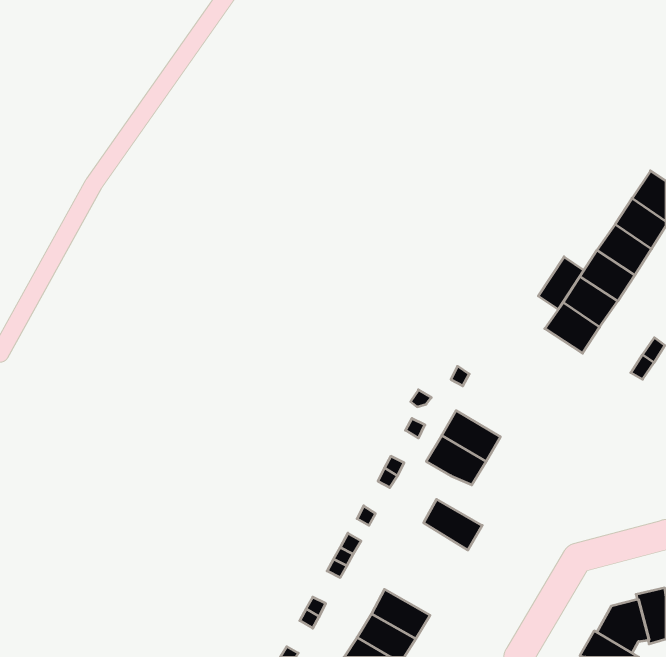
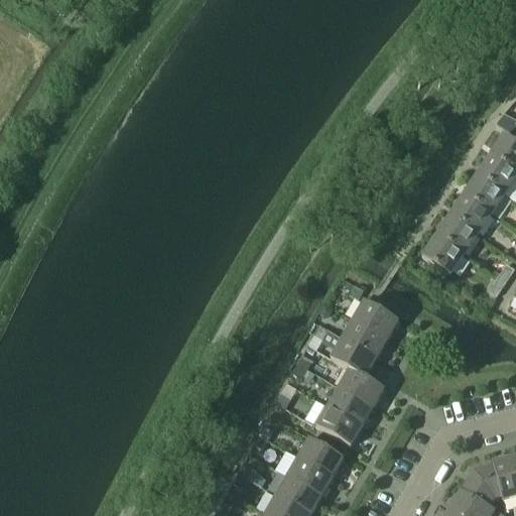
building: [538,257,584,309] -> none
building: none -> [353,298,398,338]
building: none -> [338,368,384,406]
building: none -> [315,404,362,444]
building: none -> [297,435,344,476]

